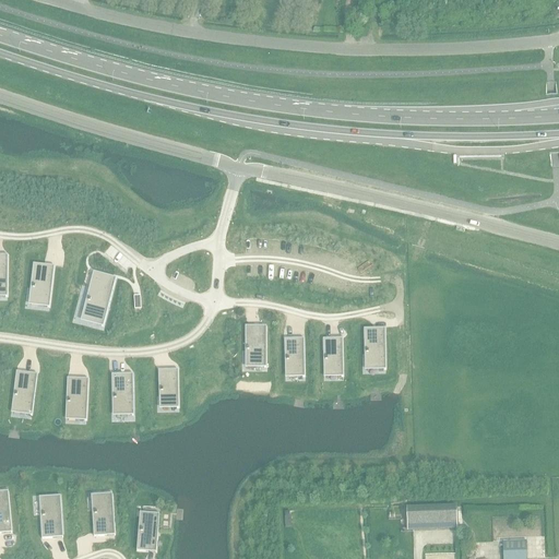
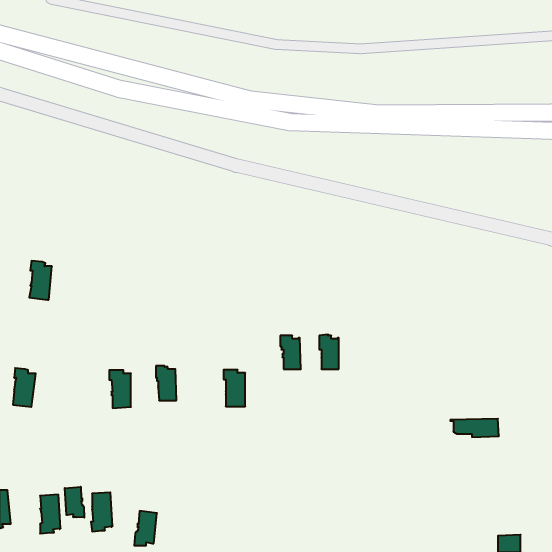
building: [83,271,114,319] -> none
building: [243,325,265,362] -> [224,370,245,406]
building: [362,328,384,366] -> none
building: [66,378,87,416] -> none
building: none -> [65,487,84,518]
building: [406,506,455,524] -> [450,419,499,437]

